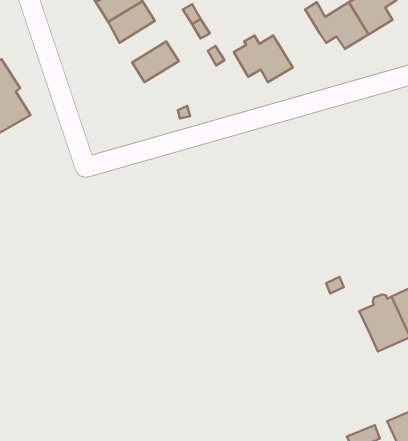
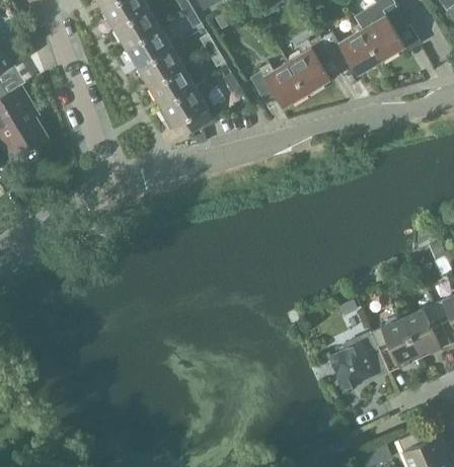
building: none -> [287,37,332,94]
building: none -> [137,49,182,89]
building: none -> [161,79,214,135]
building: none -> [330,332,389,388]

